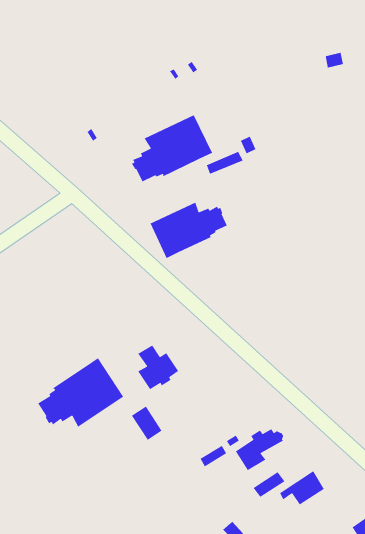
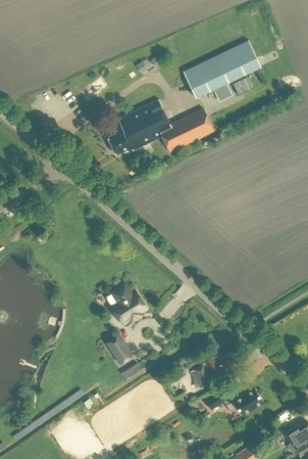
building: none -> [183,41,260,98]
building: [150,201,228,259] -> none
building: [37,357,124,428] -> none

